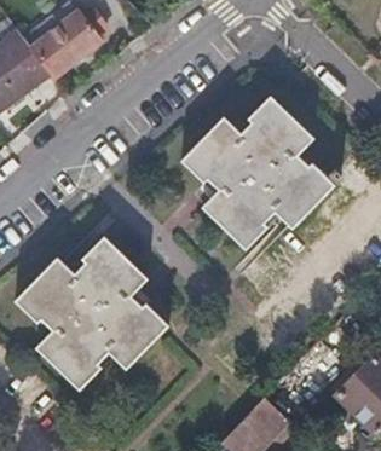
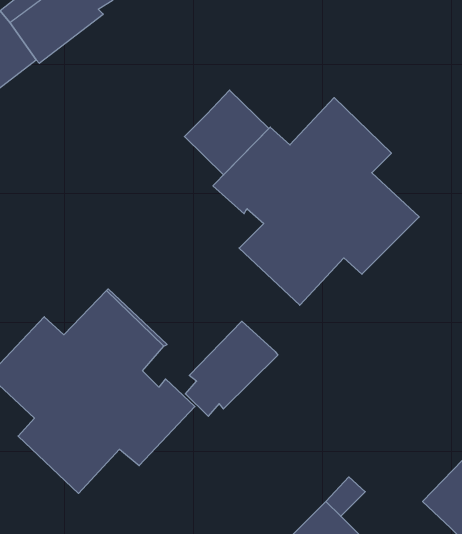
building: none -> [184,90,269,175]
building: none -> [185,321,278,416]

